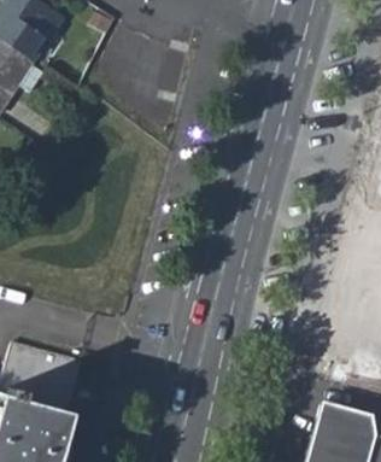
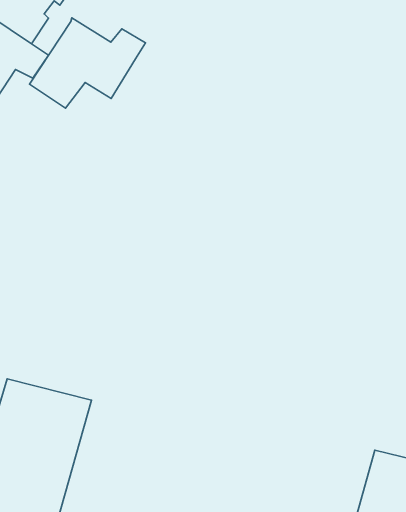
building: none -> [30,18,145,108]

